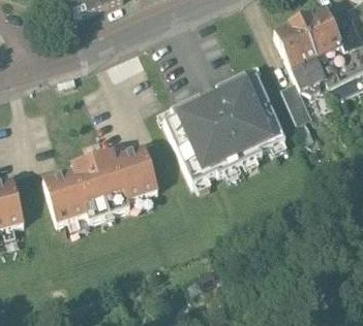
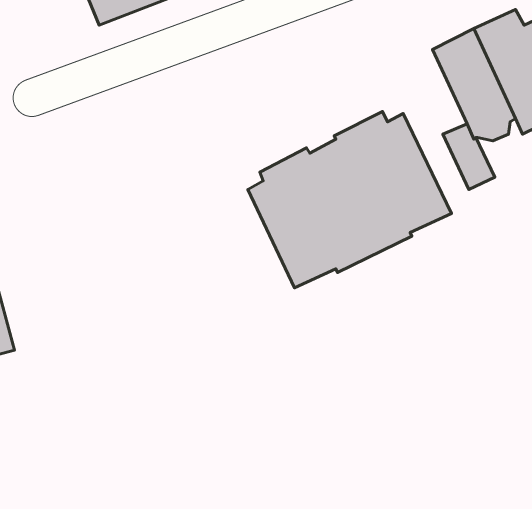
building: [43,139,158,214] -> none

